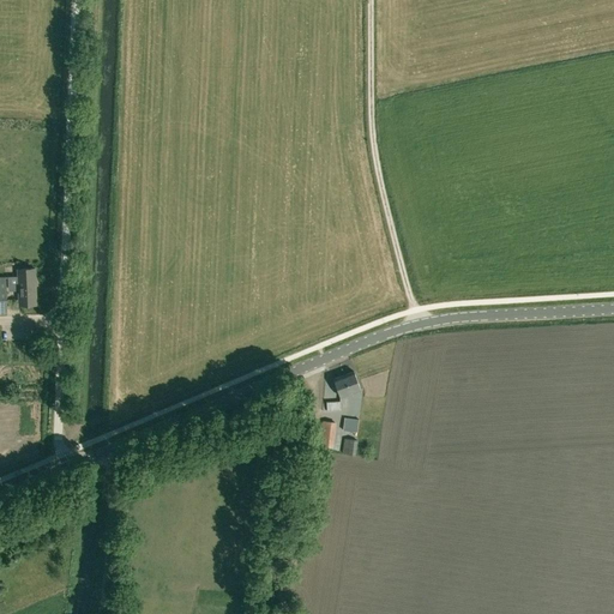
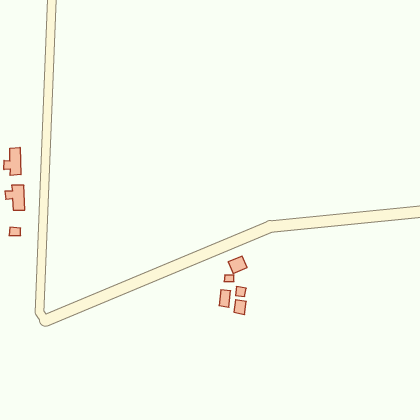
building: none -> [4,147,21,175]

